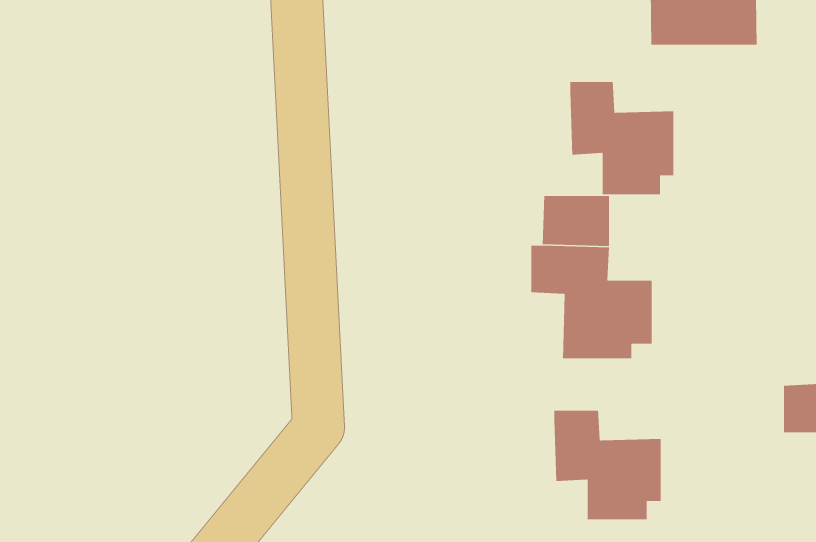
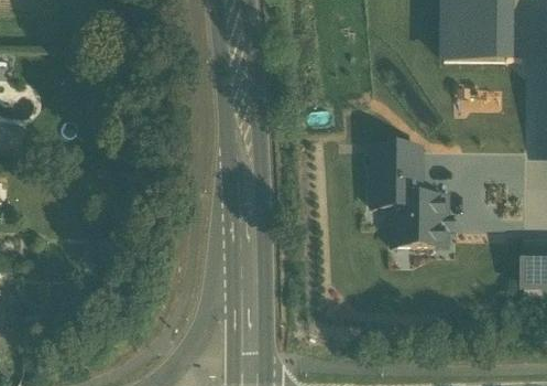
building: [570,81,674,195] -> none
building: [554,410,661,520] -> none

